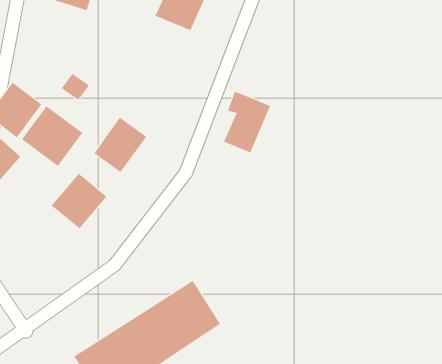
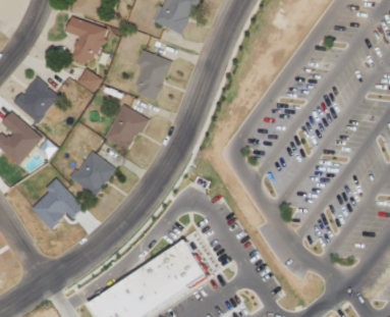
building: none -> [64,16,105,66]
building: [223,91,271,153] -> [132,50,171,101]
building: [21,105,83,167] -> none
building: none -> [33,177,86,228]

